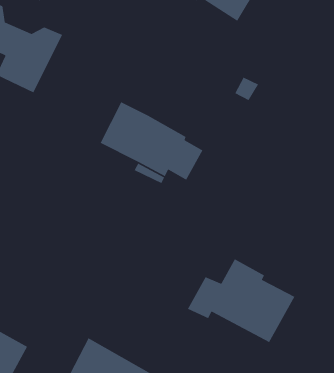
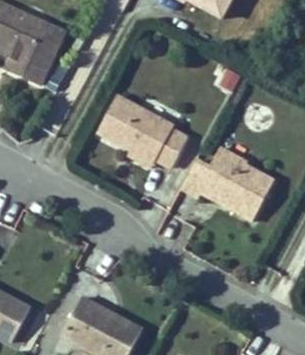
building: [187,258,296,343] -> [183,138,279,214]

